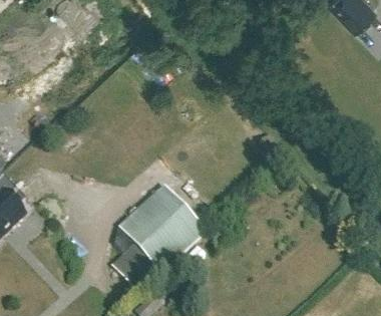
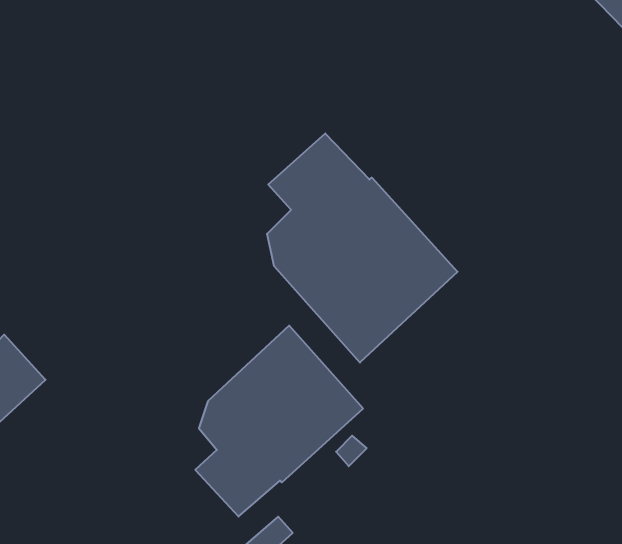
building: none -> [267,133,458,363]

